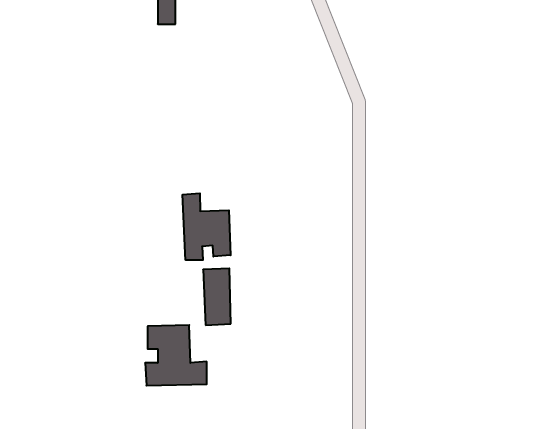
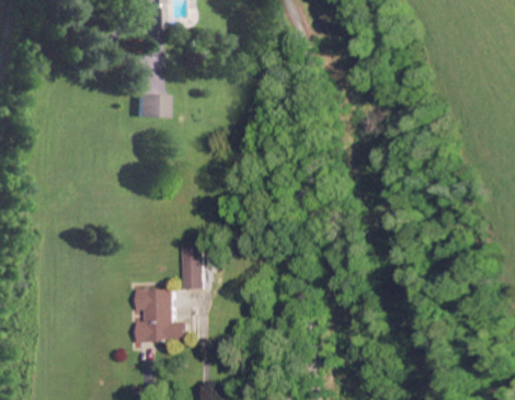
building: none -> [139,93,170,117]
building: [183,193,231,260] -> none

